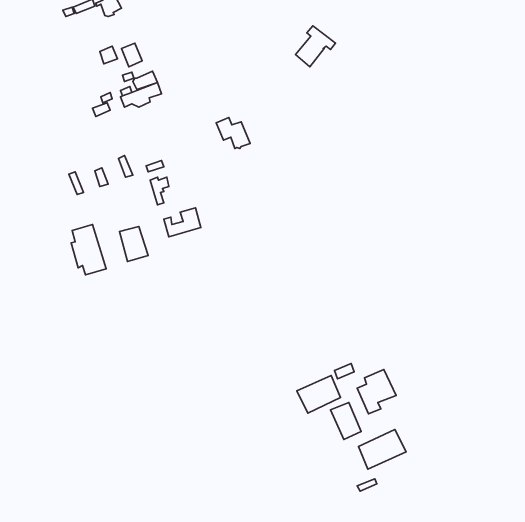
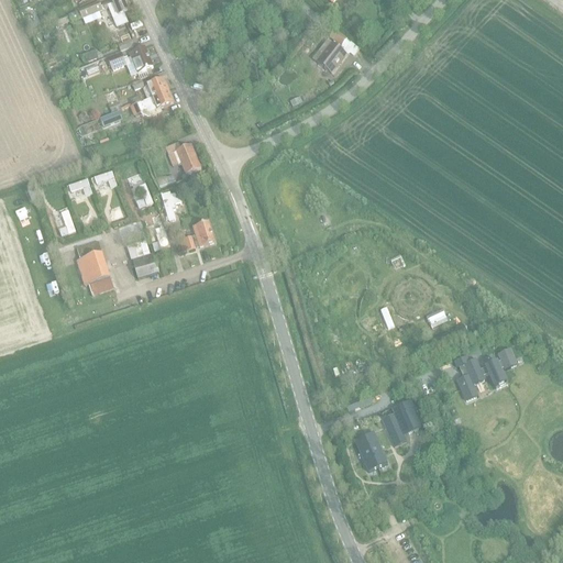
building: [216,118,250,148] -> [164,139,200,172]
building: none -> [453,346,516,399]
building: [297,376,341,413] -> none
building: [358,430,406,469] -> none

